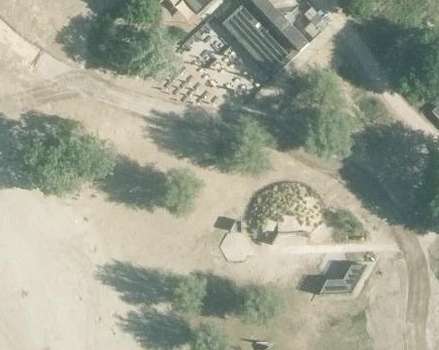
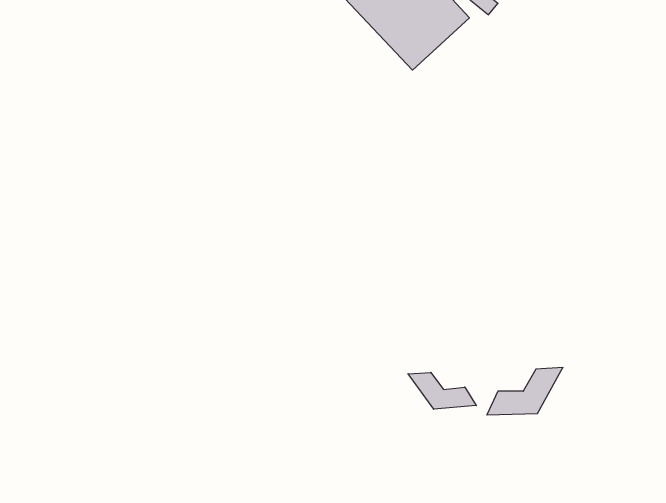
building: none -> [408,372,476,409]

